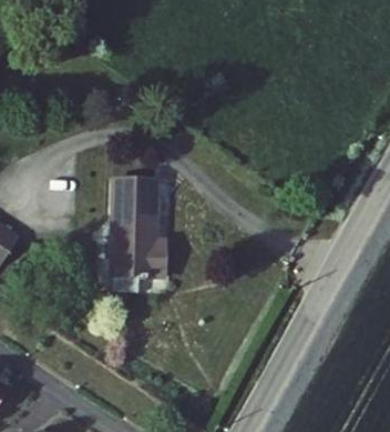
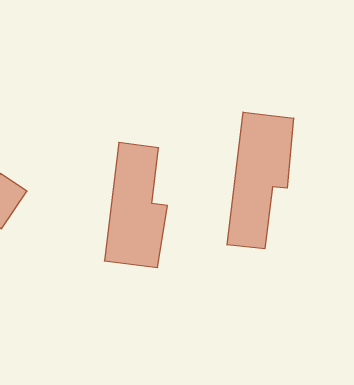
building: none -> [227,112,294,249]

